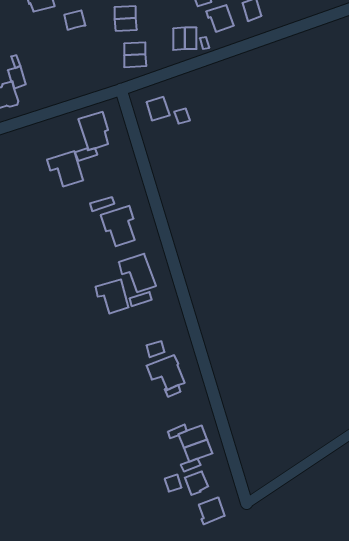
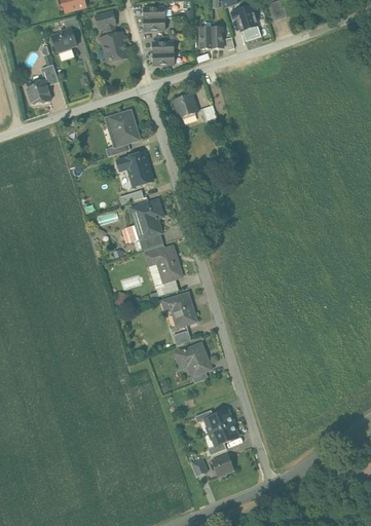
building: none -> [100,25,127,61]
building: none -> [51,28,76,61]
building: [47,151,83,186] -> [117,151,152,185]
building: [95,279,129,314] -> [163,293,195,326]
building: [199,497,225,524] -> none

